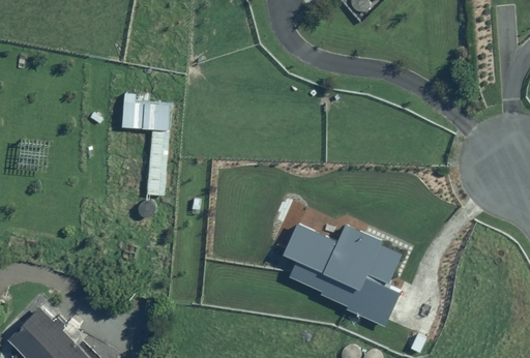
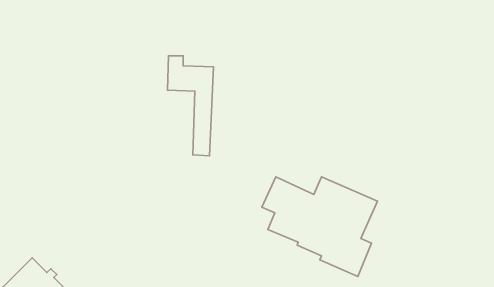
building: [121,91,170,197] -> [168,56,214,156]

